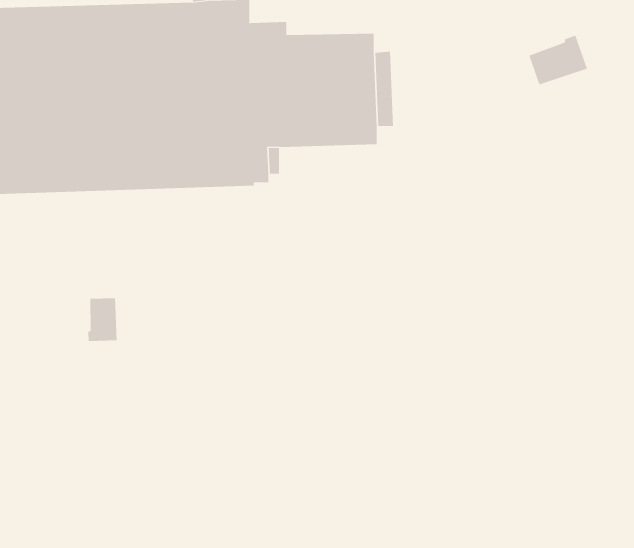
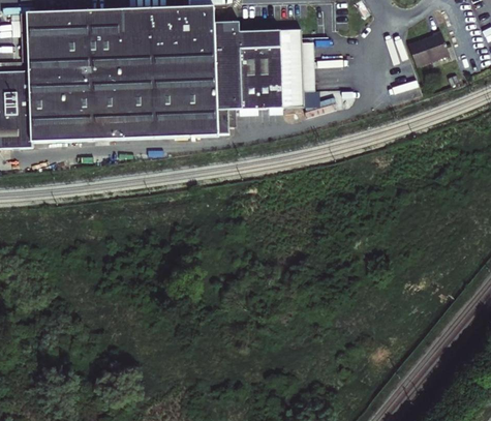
building: [88,298,117,342] -> none

